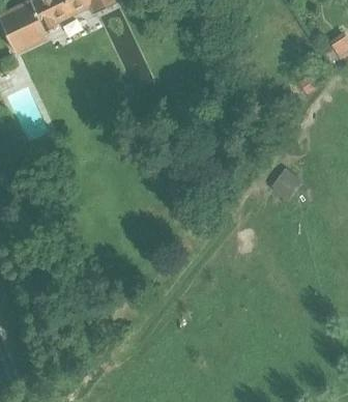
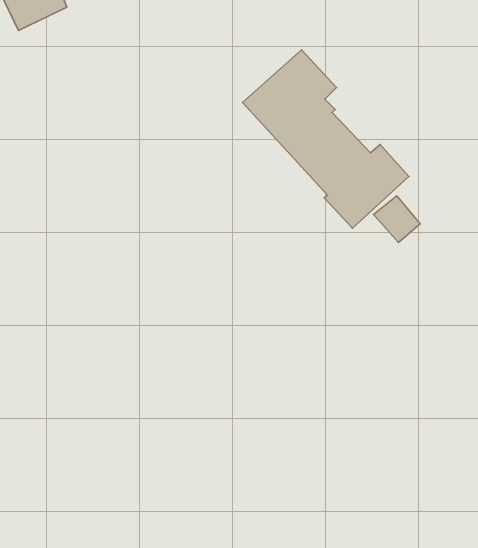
building: none -> [243,50,409,228]

